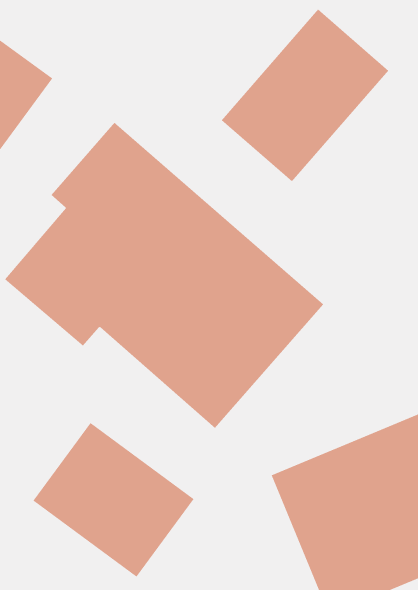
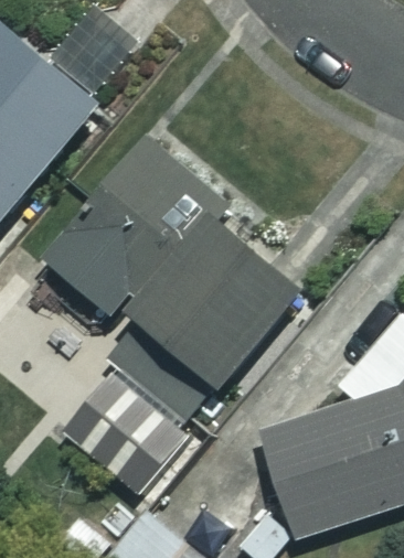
building: [221,9,389,182] -> none

